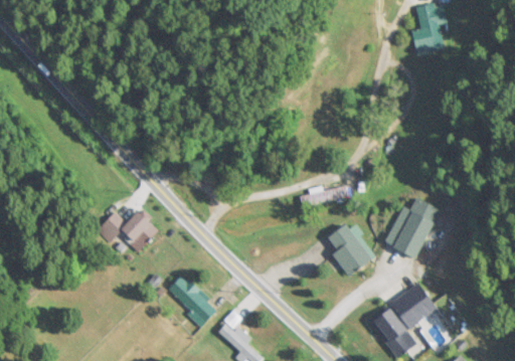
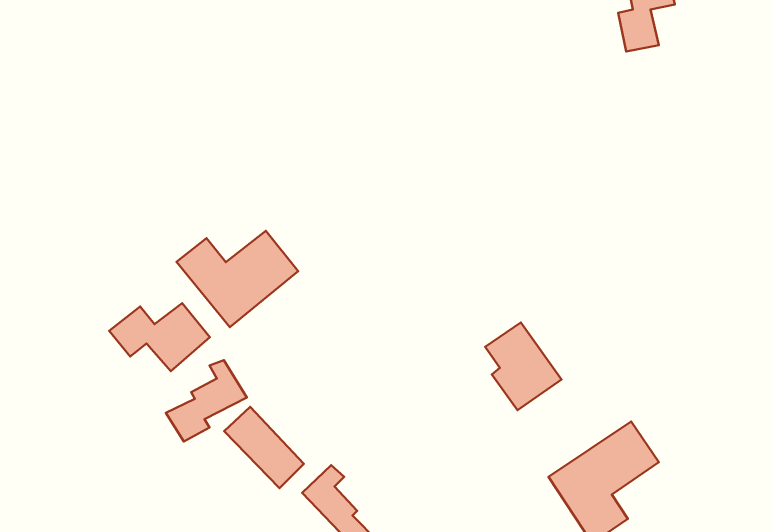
building: none -> [176,231,298,327]
building: [385,197,441,257] -> none
building: none -> [166,360,247,441]

